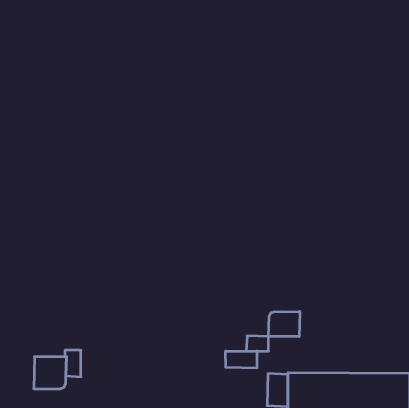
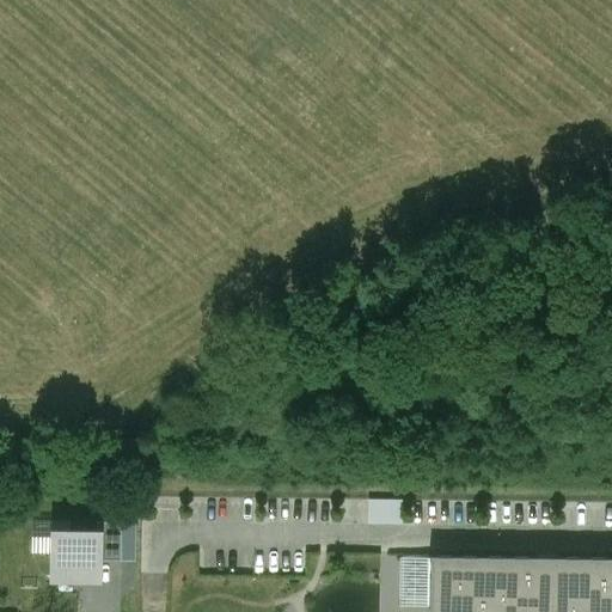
building: [269,311,300,337] -> none
building: [226,351,257,368] -> none

